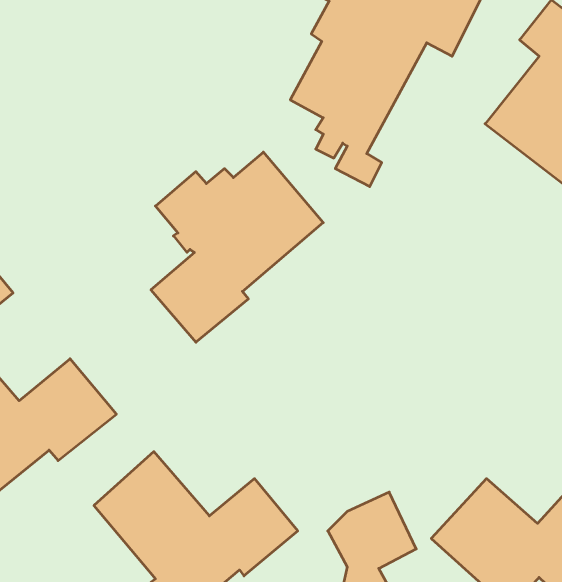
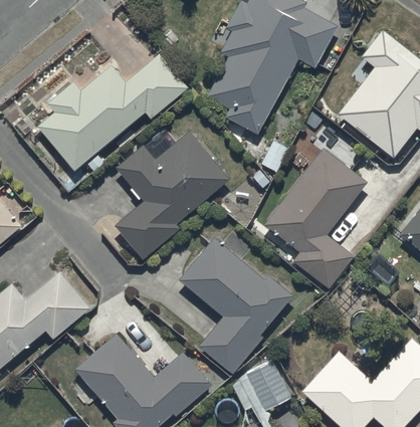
building: none -> [37,53,189,173]
building: none -> [263,149,367,289]
building: none -> [178,237,291,374]

